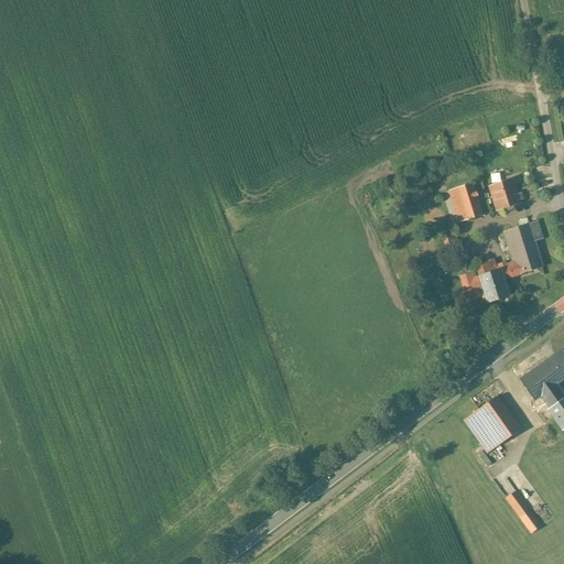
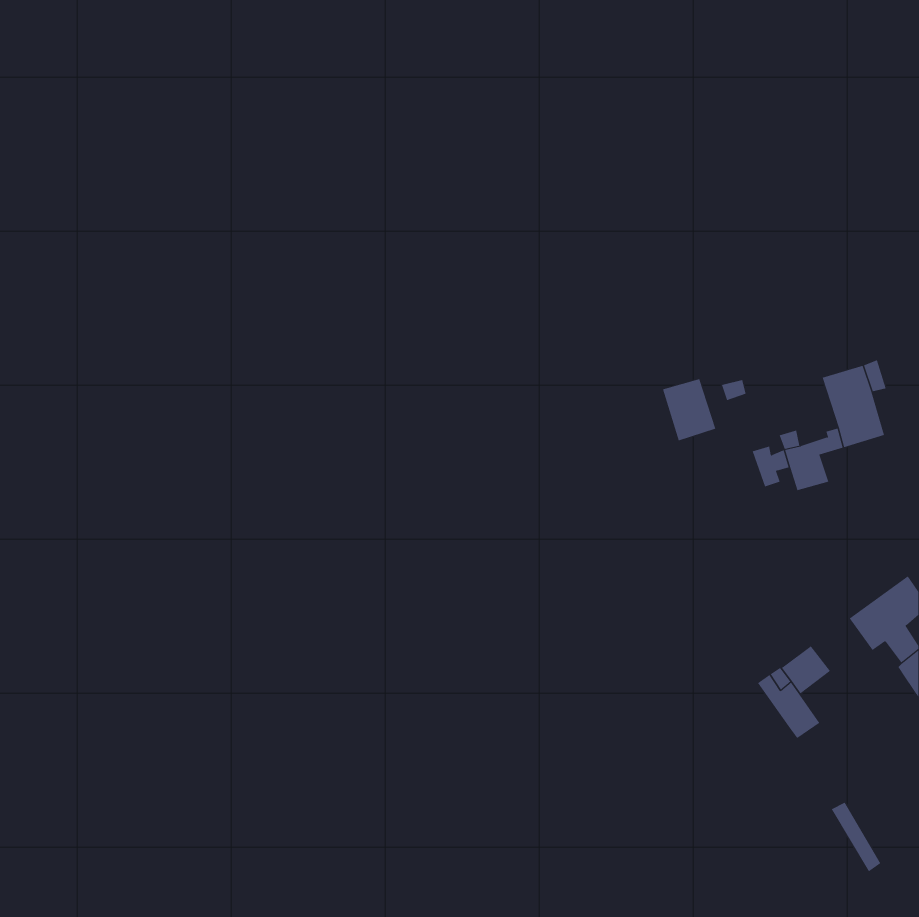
building: [489,178,521,209] -> none
building: [449,183,482,221] -> [662,378,716,441]
building: [490,411,521,443] -> none

